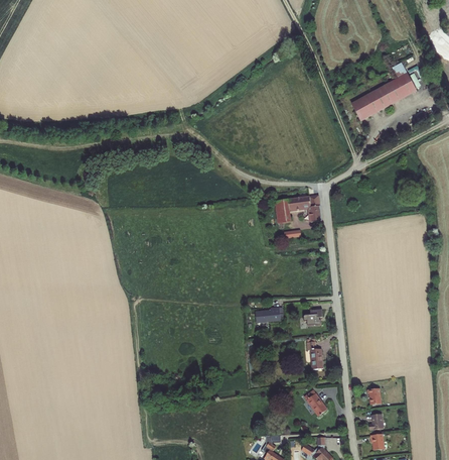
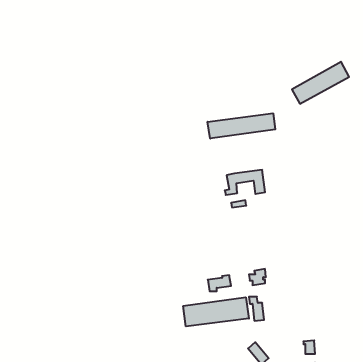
building: none -> [208,113,275,139]
building: none -> [183,297,249,326]

